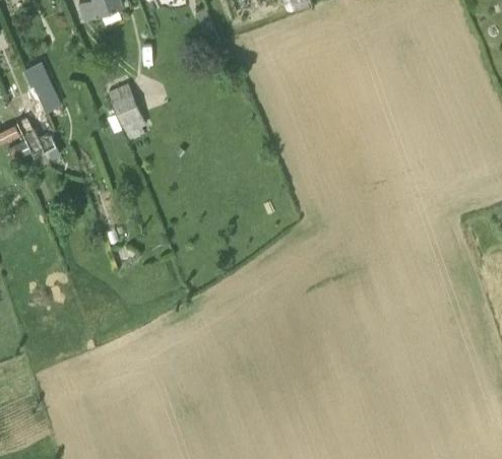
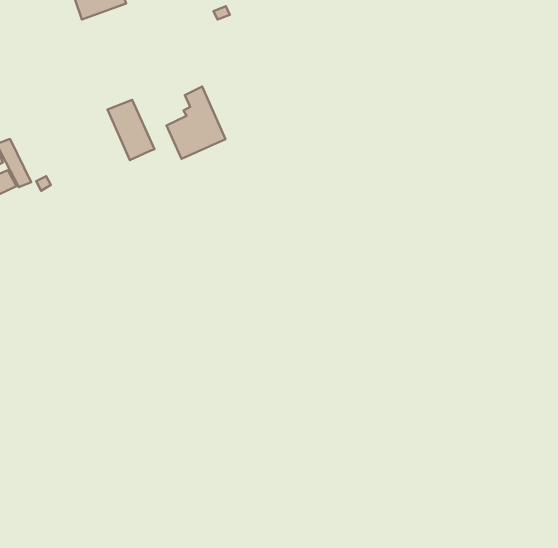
building: [22,62,61,113] -> none
building: none -> [166,87,226,159]

